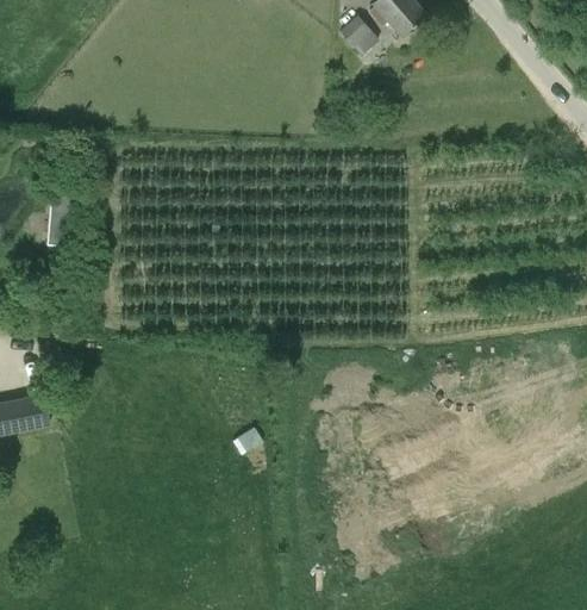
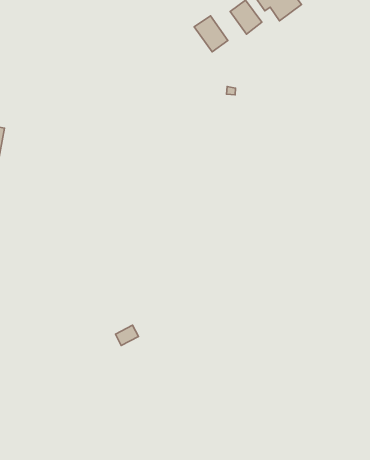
building: none -> [194,16,228,52]

